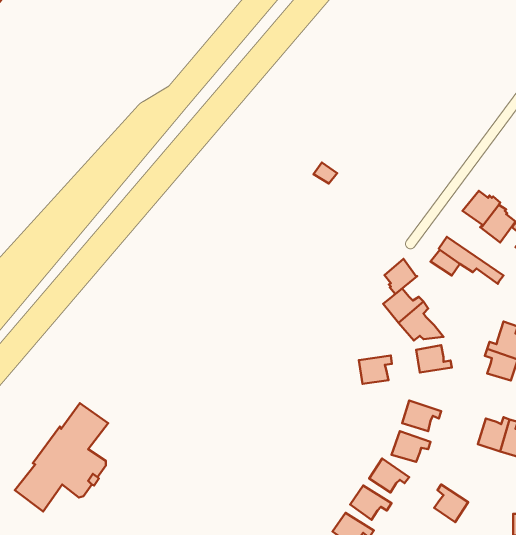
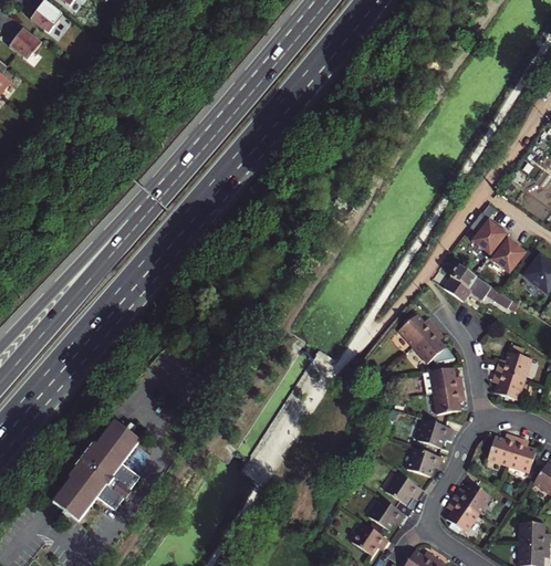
building: [385,259,417,294] -> none
building: [359,355,392,384] -> [433,387,464,413]
building: none -> [453,482,490,513]

